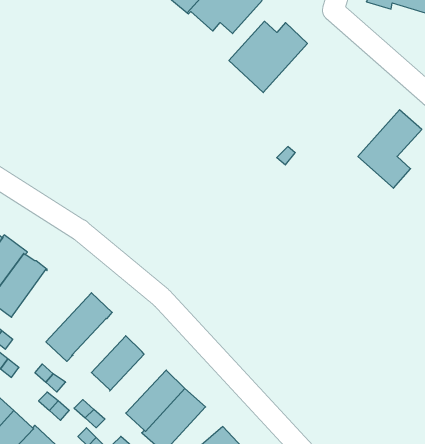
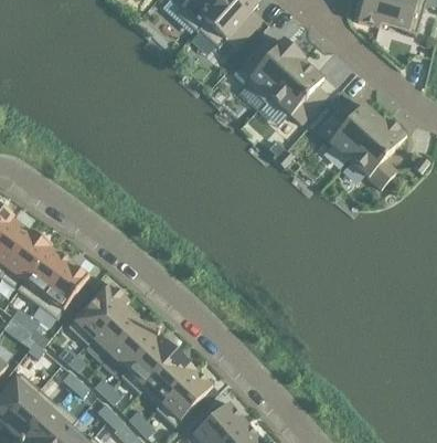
building: none -> [263,59,327,125]
building: none -> [316,104,385,160]
building: none -> [36,262,87,319]
building: none -> [90,306,139,355]
building: none -> [119,334,175,394]

